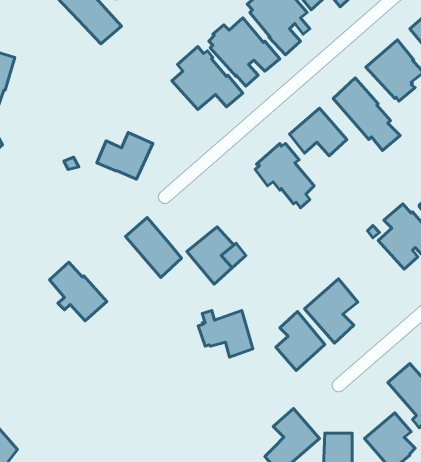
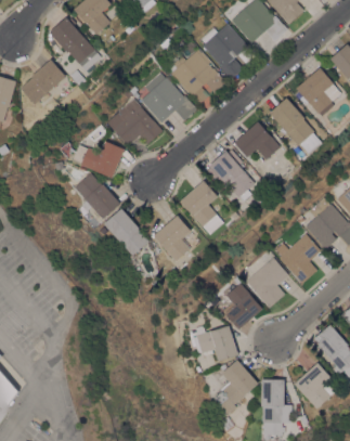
building: none -> [20,59,65,104]
building: none -> [107,99,163,146]
building: none -> [180,180,223,235]
building: none -> [276,234,321,284]
building: [50,262,107,321] -> [76,172,121,219]
building: [198,311,253,357] -> [193,325,236,362]

